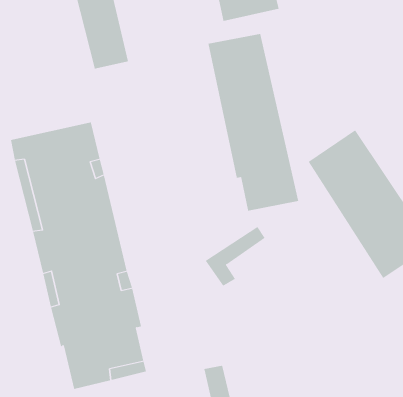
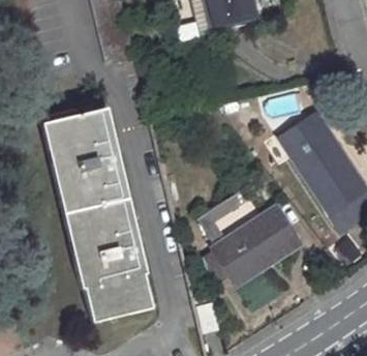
building: [208,33,299,212] -> none
building: none -> [205,205,300,285]

